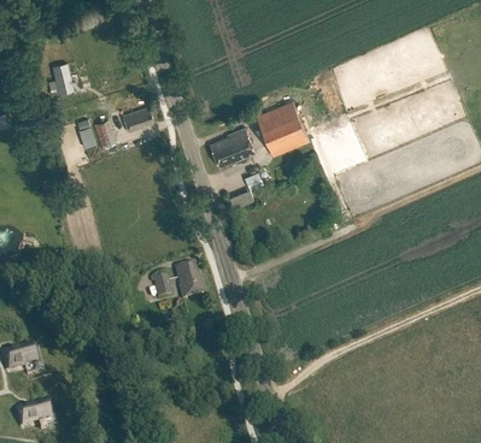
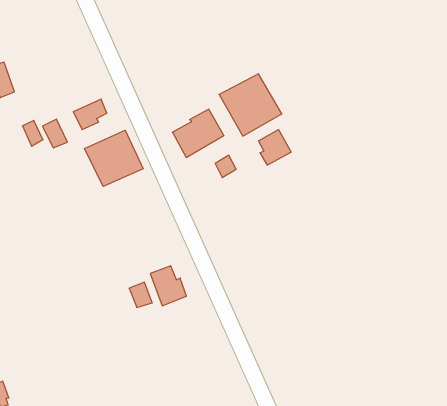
building: none -> [85,130,143,186]
building: none -> [259,130,291,165]

